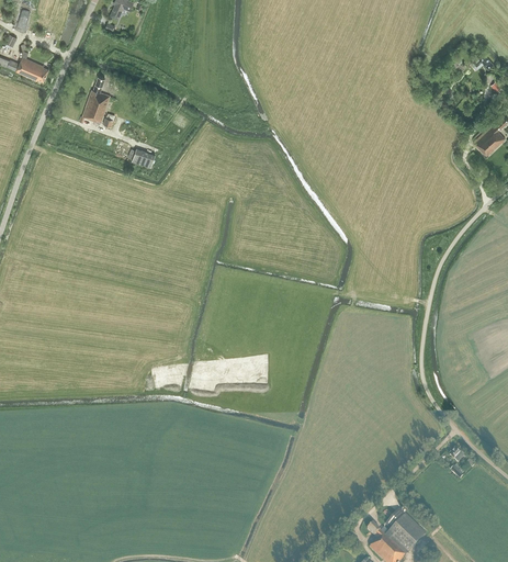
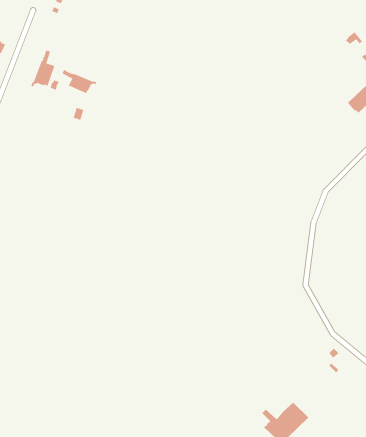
building: none -> [62,69,97,94]

